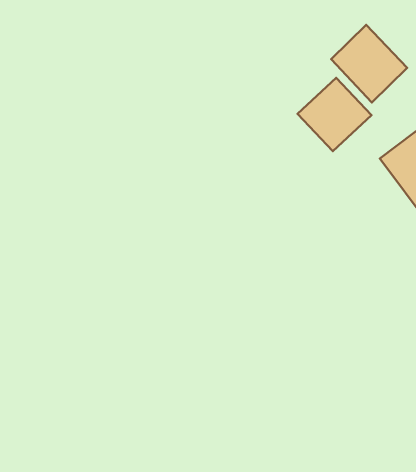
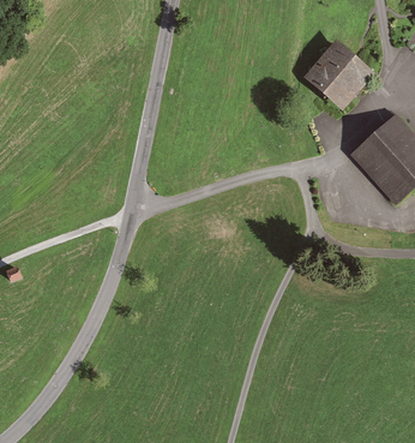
building: [297,78,372,151] -> none

